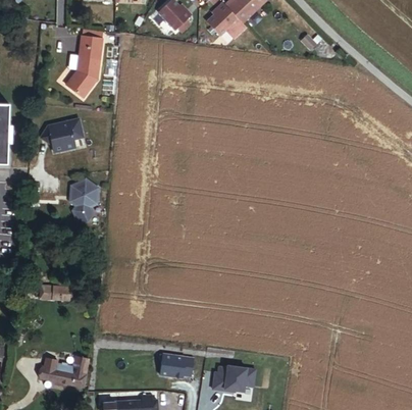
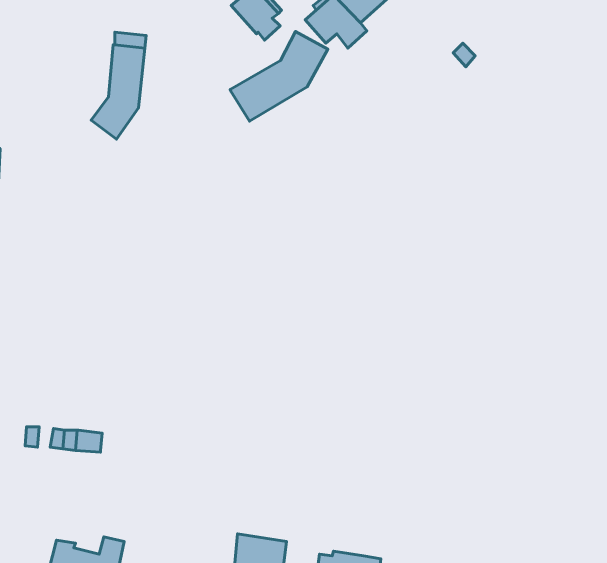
building: none -> [230,31,328,121]
building: [41,125,83,156] -> none
building: [70,177,98,219] -> none

